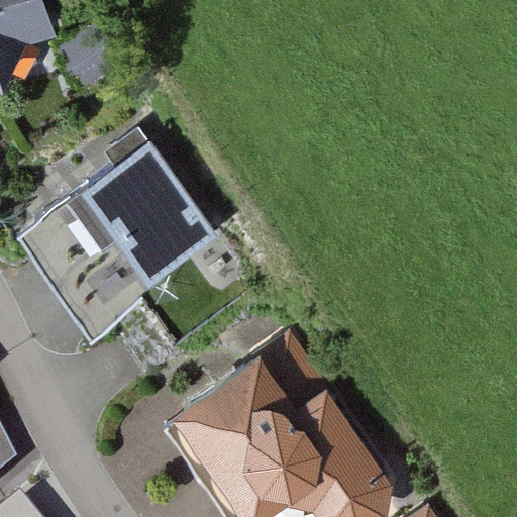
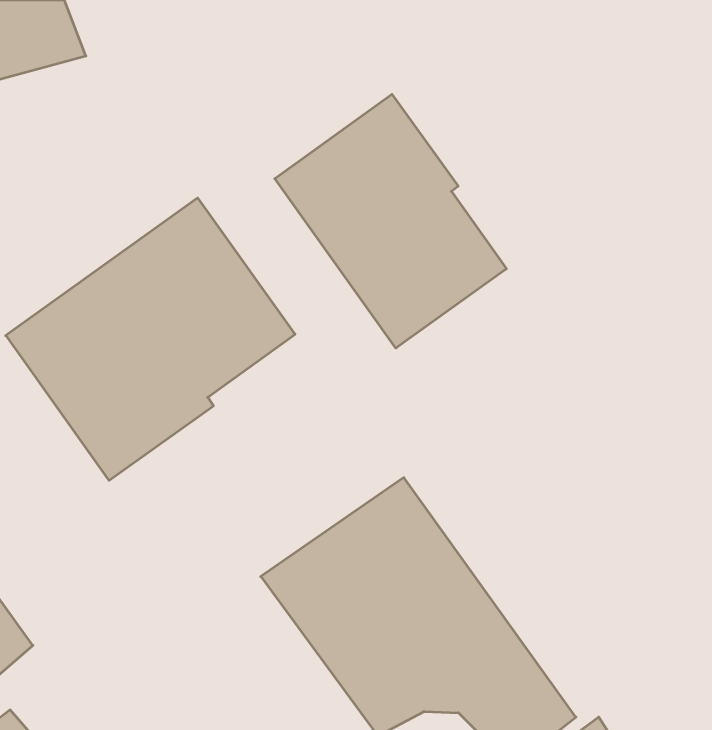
building: none -> [275,94,506,348]

